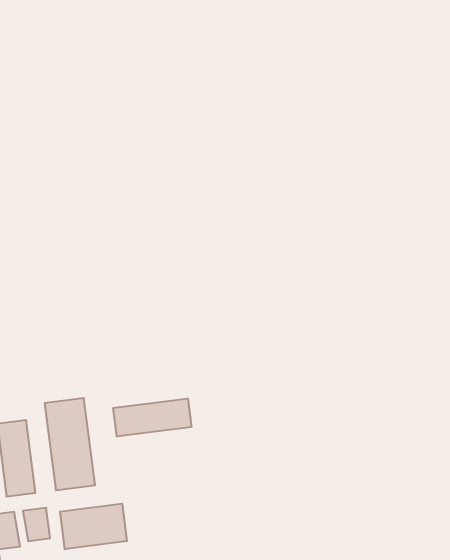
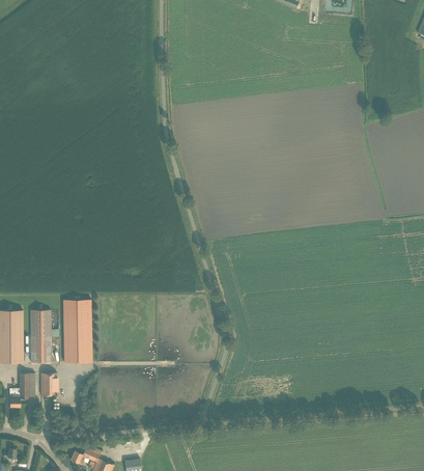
building: [113,398,191,437] -> none
building: [60,504,127,549] -> none

